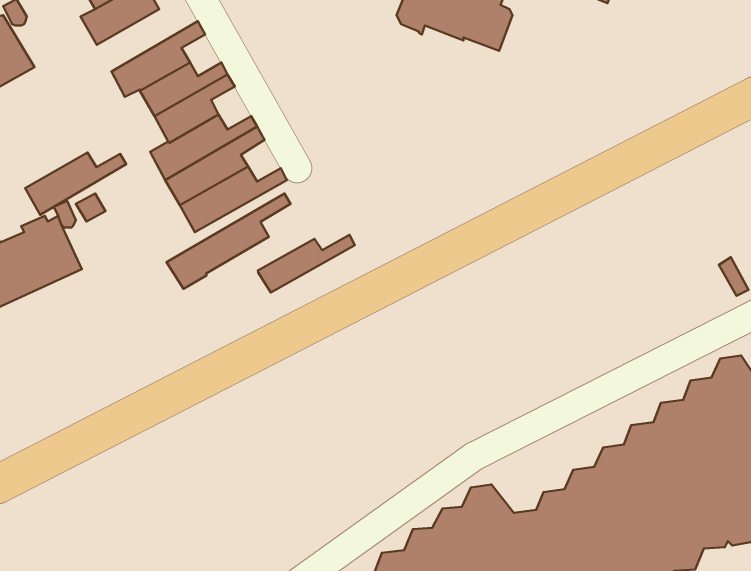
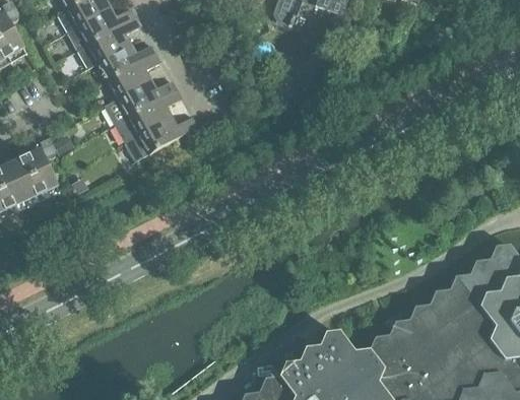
building: [25,152,126,215] -> [68,7,137,50]
building: [166,194,291,289] -> none
building: [258,235,355,293] -> none

